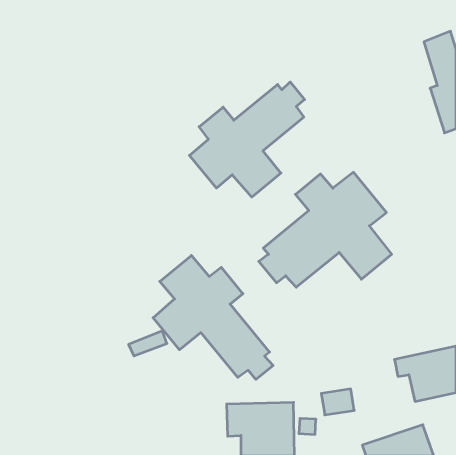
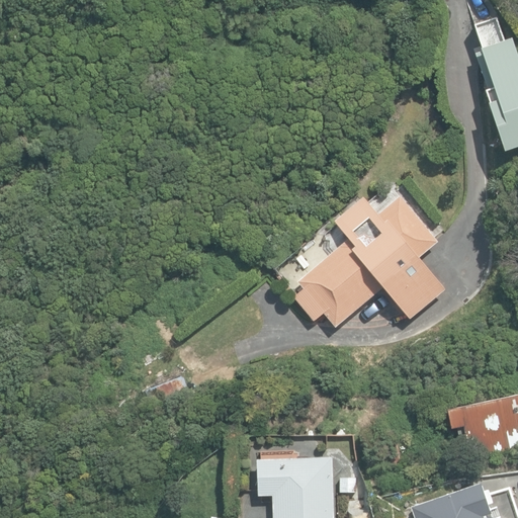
building: [189,82,305,197] -> none
building: [153,255,273,379] -> none

